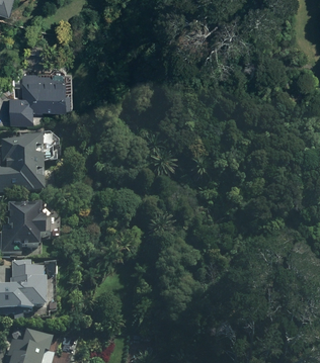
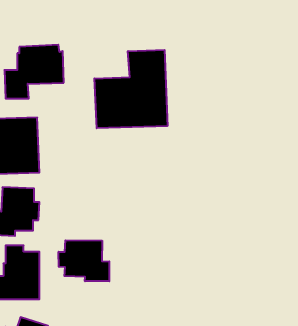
building: none -> [94,50,167,128]
building: none -> [59,240,109,281]

